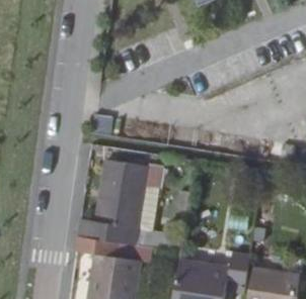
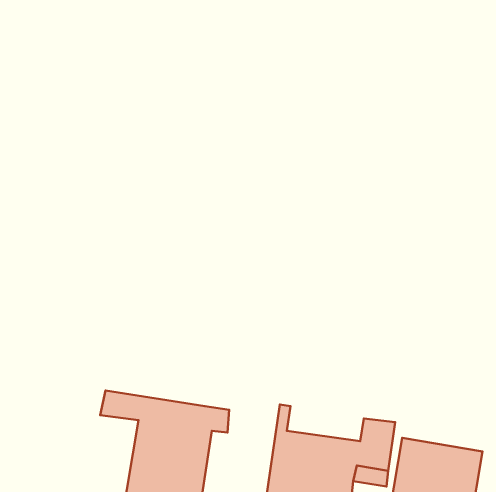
building: [78,160,162,243] -> none

